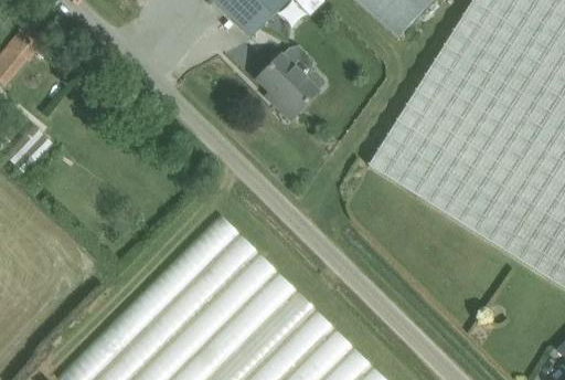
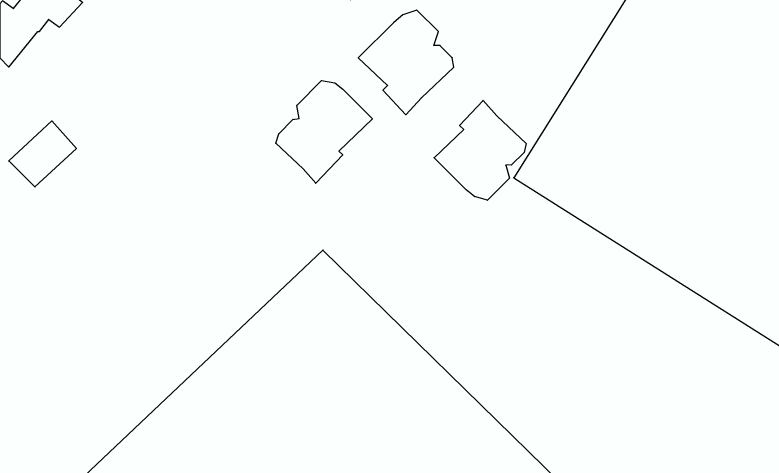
building: none -> [276,81,372,183]
building: none -> [434,100,526,200]

